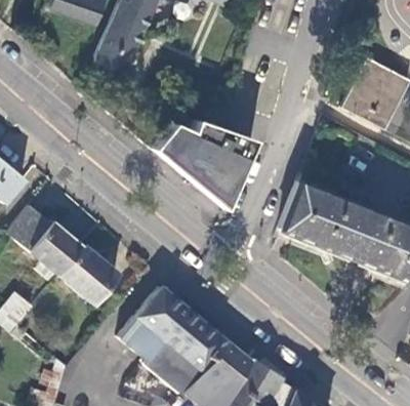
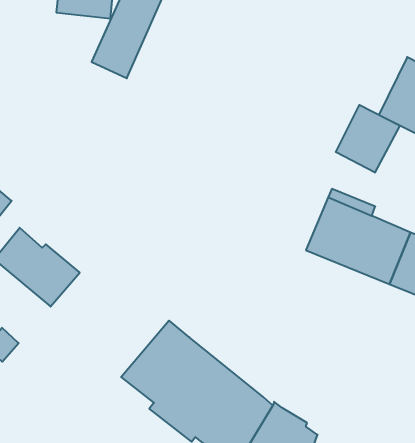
building: none -> [336,105,400,173]
building: [152,119,255,209] -> none
building: [57,245,119,306] -> none

